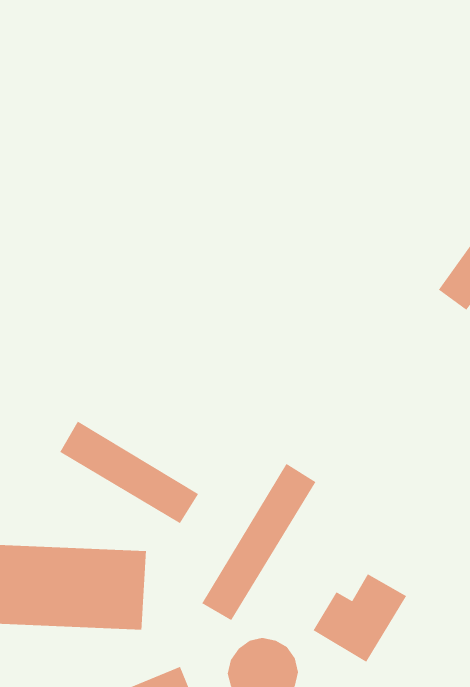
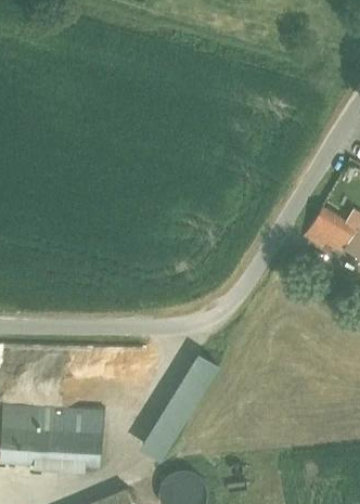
building: [59,420,199,524] -> none
building: [313,573,407,663] -> none

